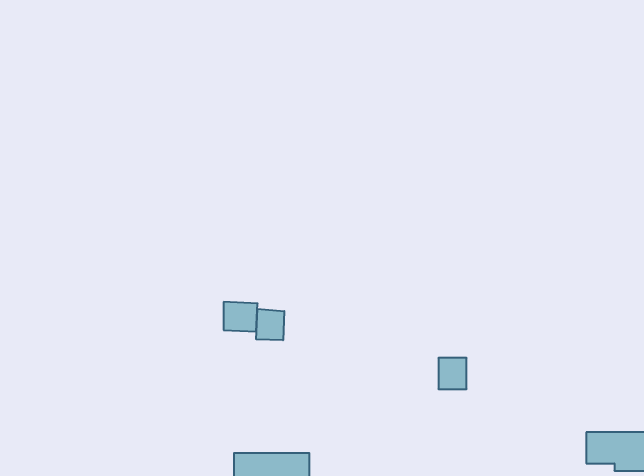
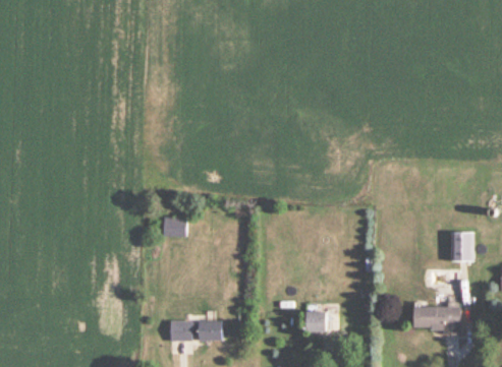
building: [256,309,284,340] -> none
building: [438,358,467,389] -> [306,310,326,331]

